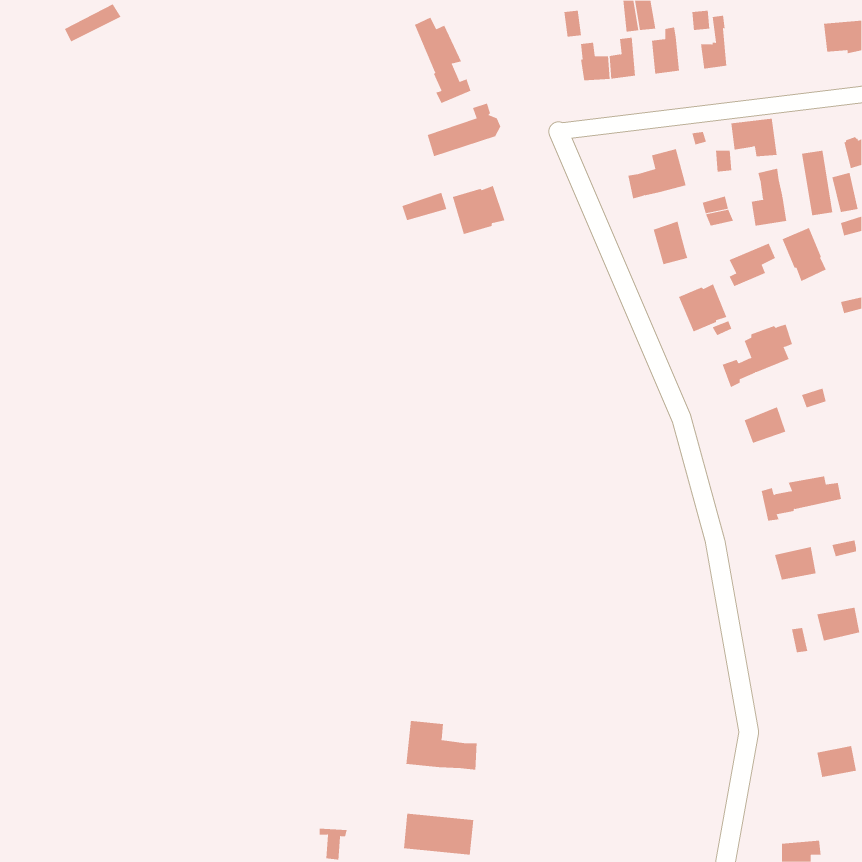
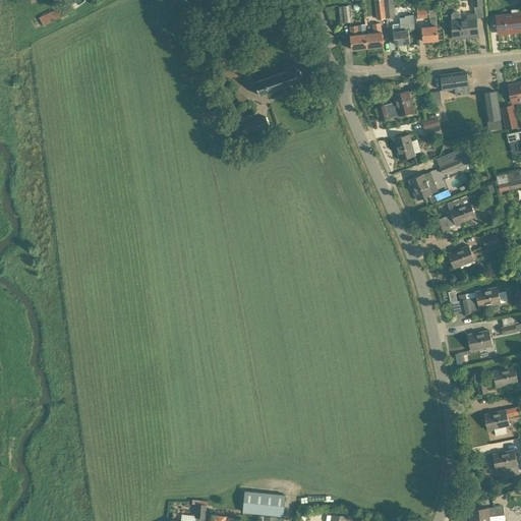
building: [414,17,471,104] -> none
building: none -> [452,11,478,37]
building: [751,168,787,227] -> none
building: [452,185,505,235] -> none
building: [782,227,826,282] -> none
building: none -> [484,409,509,436]
building: [406,720,477,771] -> none

